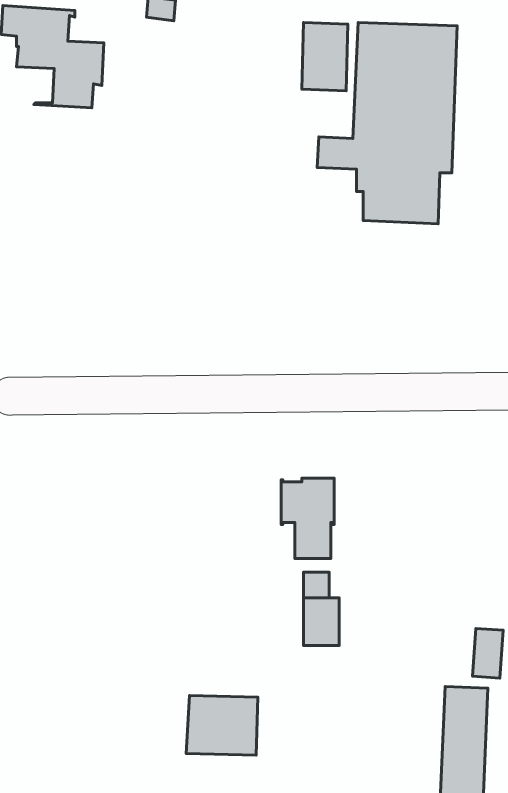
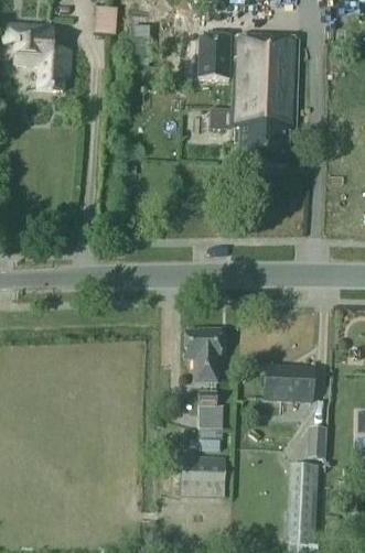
building: none -> [262,365,312,400]
building: [186,695,258,755] -> [178,456,224,495]

